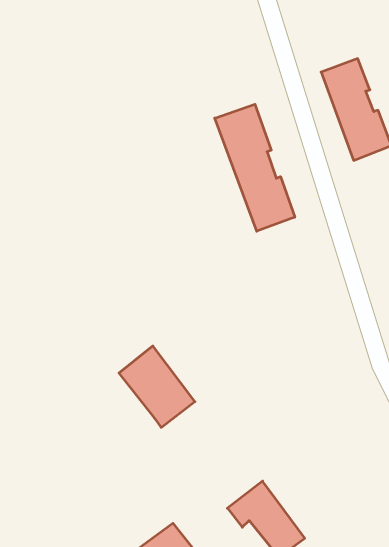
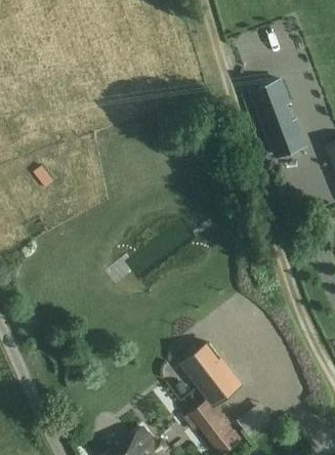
building: [215,104,295,231] -> none
building: [119,346,195,427] -> [182,343,240,405]

